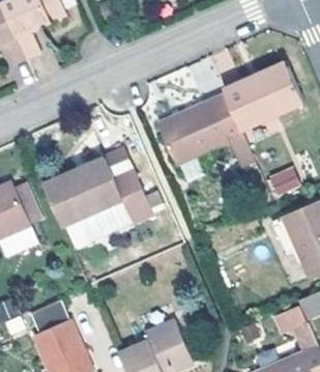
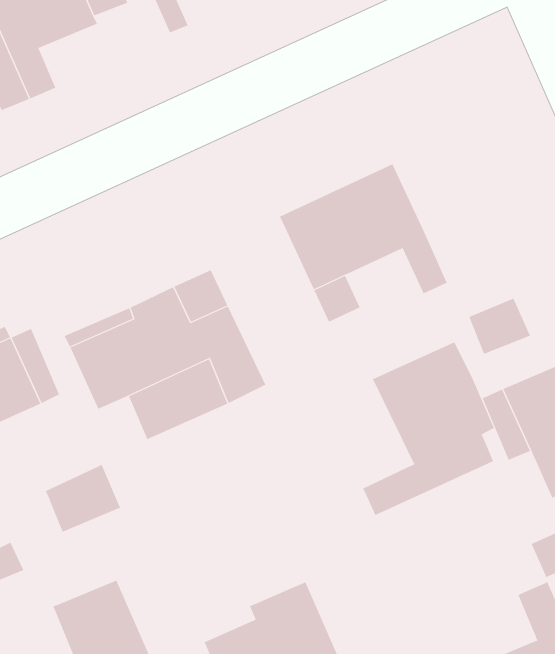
building: [221,59,302,128] -> none
building: none -> [362,342,494,516]
building: [30,295,71,333] -> [45,464,121,532]

